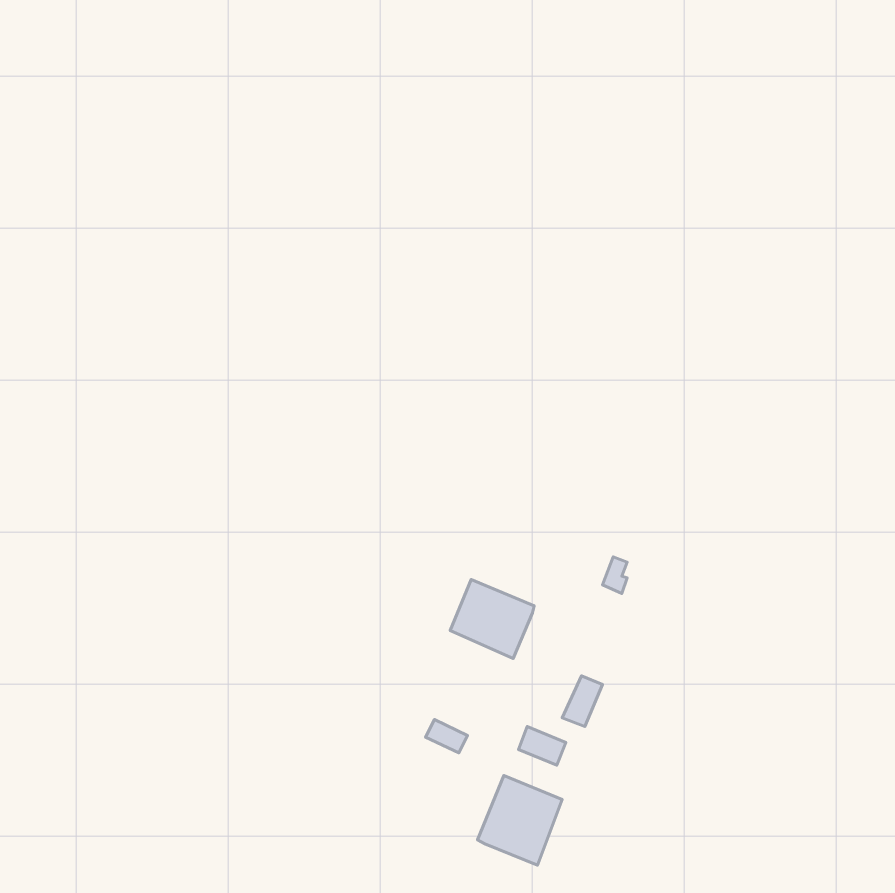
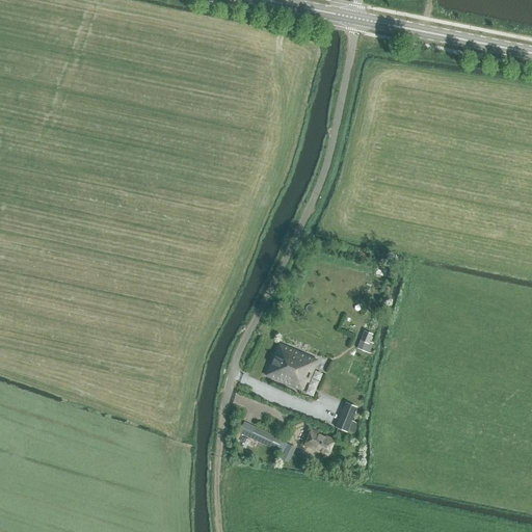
building: [478,775,562,865] -> none

